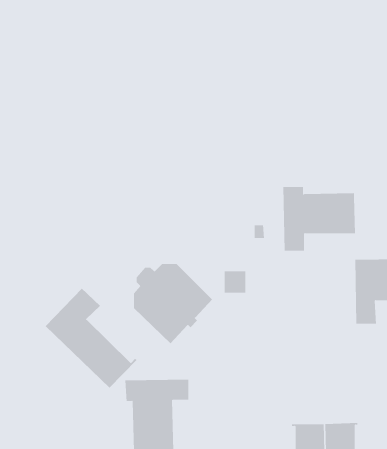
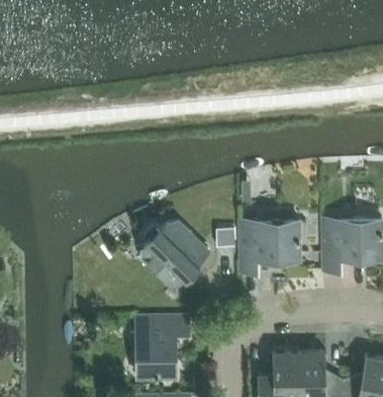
building: [283,185,356,251] -> [240,218,299,271]
building: [45,288,137,388] -> none

